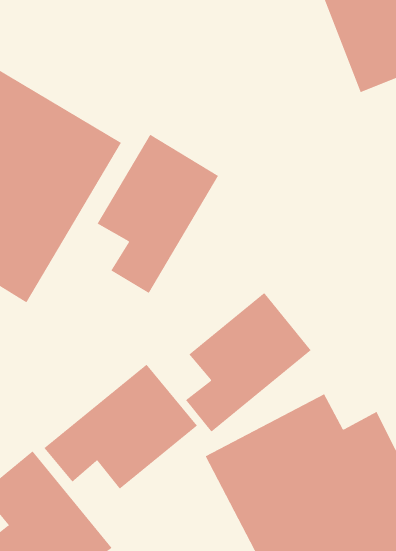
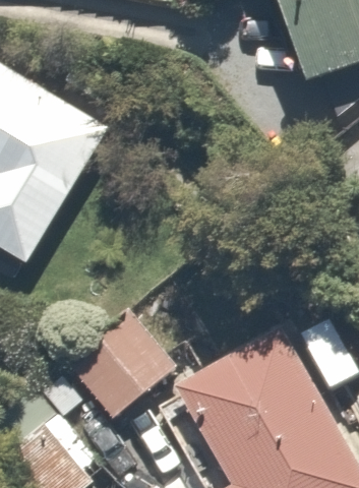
building: [97,134,219,294] -> none
building: [185,292,311,432] -> none

